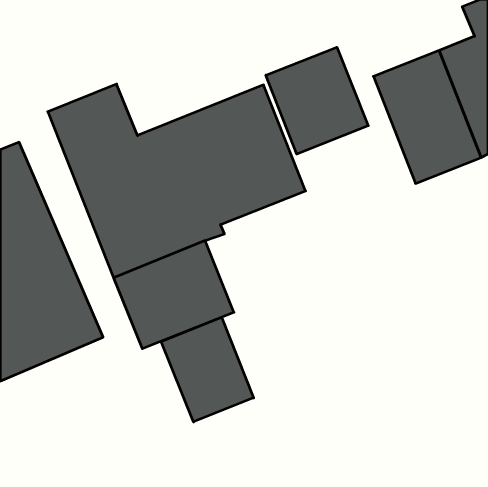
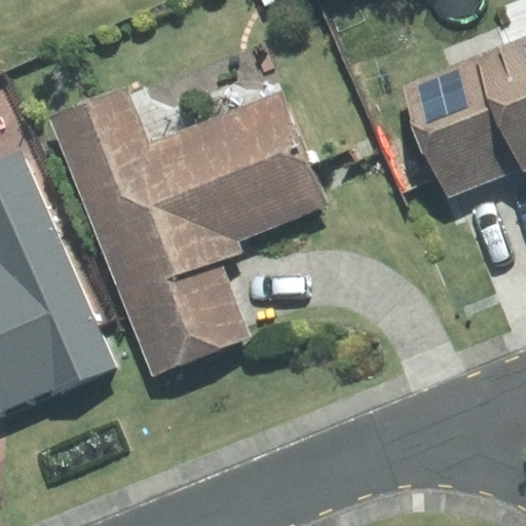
building: [266,47,368,154] -> none
building: [161,317,254,422] -> none

